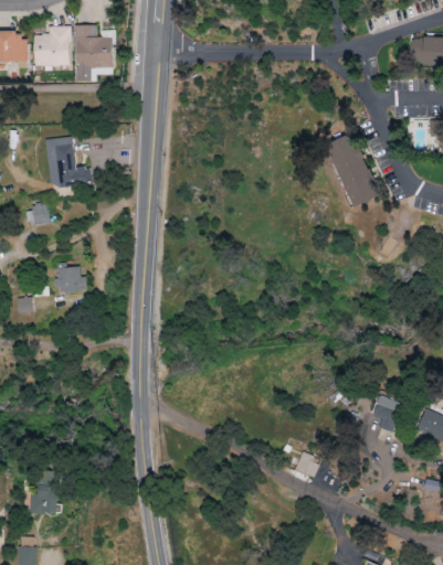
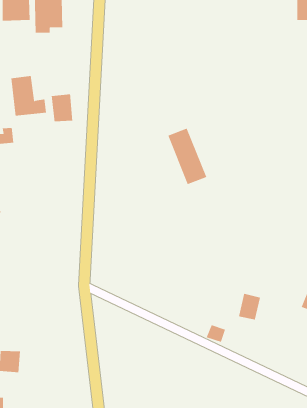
building: [328,134,379,206] -> [167,128,207,185]
building: none -> [51,93,73,122]
building: [56,264,87,291] -> none
building: [372,396,401,430] -> [238,293,261,320]

